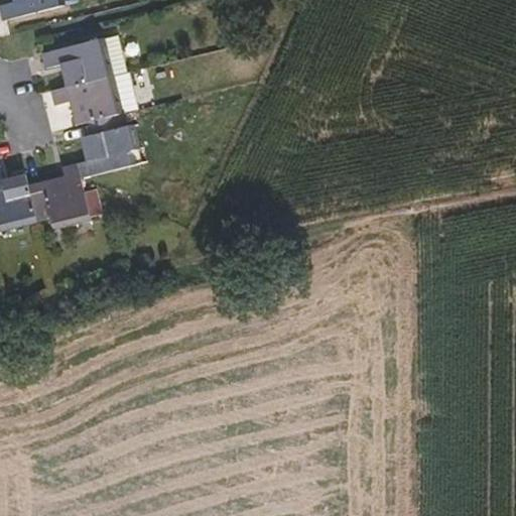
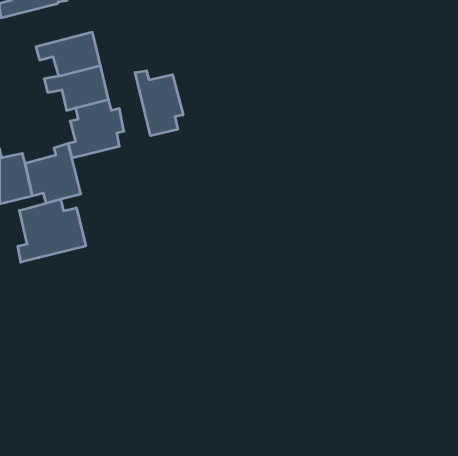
building: none -> [135,71,183,136]
building: none -> [18,199,86,262]

